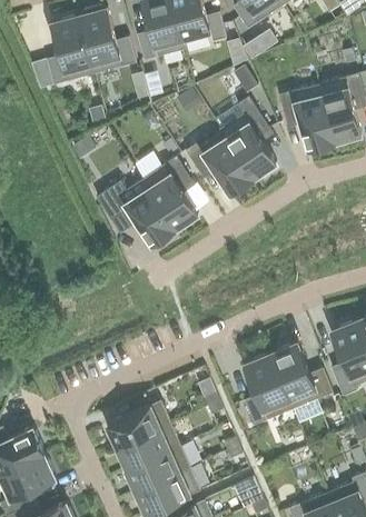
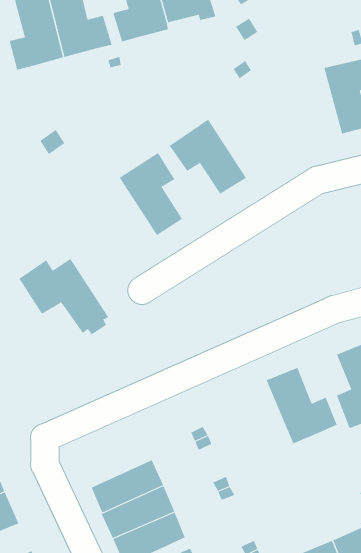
building: [278,82,335,149] -> none
building: [215,96,276,178] -> none
building: [96,178,175,245] -> [18,258,109,335]
building: [243,354,293,425] -> none
building: [107,400,170,447] -> none

